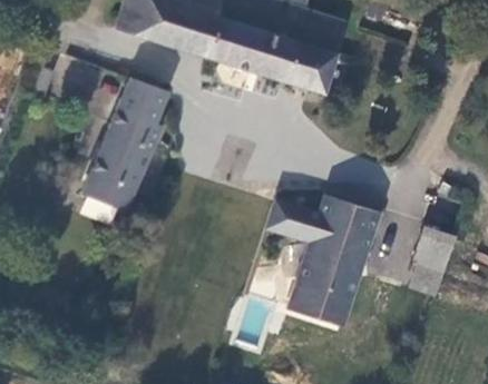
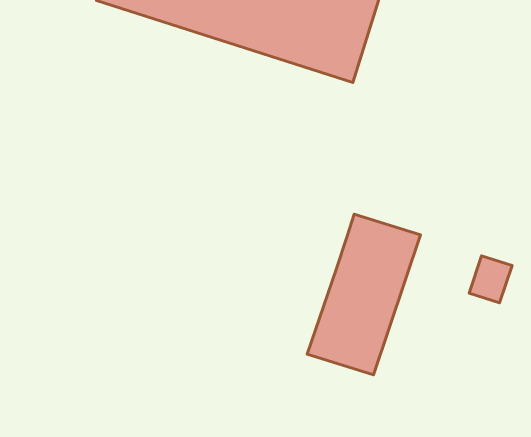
building: [87,78,168,209] -> none
building: [267,201,320,243] -> none

